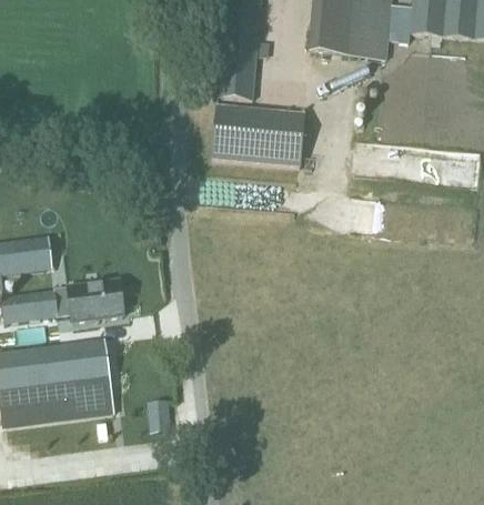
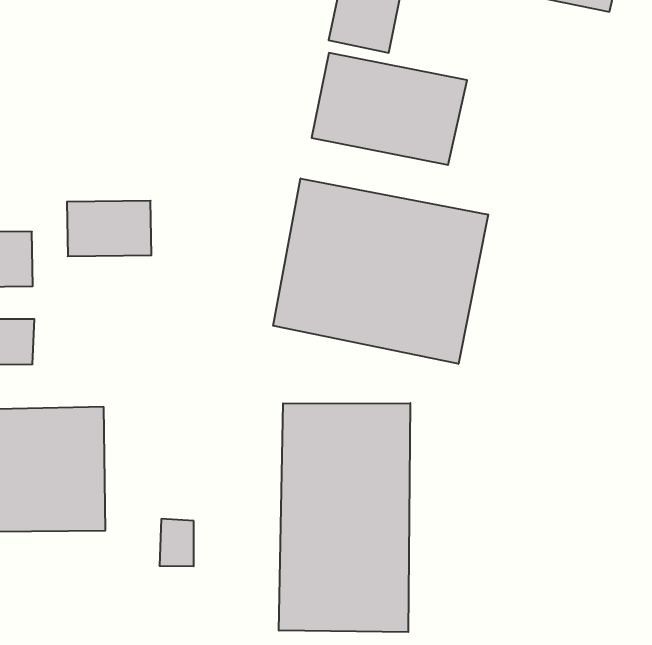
building: none -> [273,178,488,364]
building: [69,281,124,321] -> [67,201,151,256]
building: none -> [279,403,410,632]

